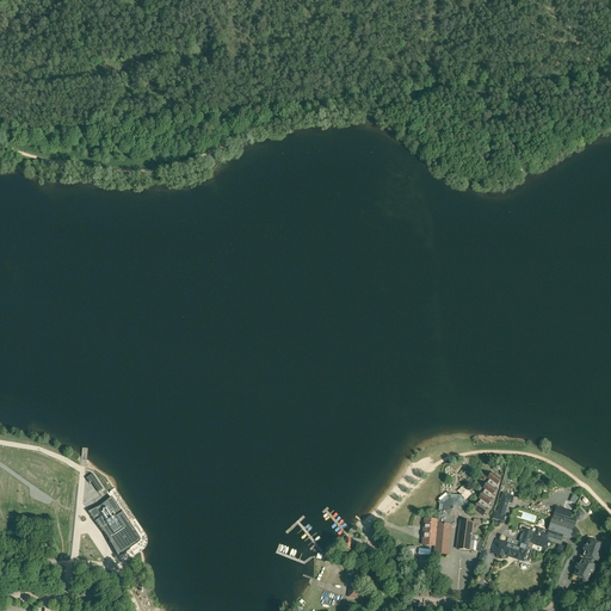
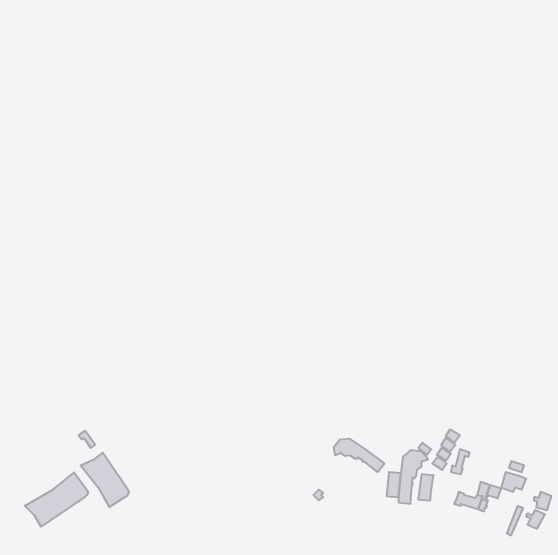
building: none -> [334,439,384,472]
building: none -> [25,472,88,527]

